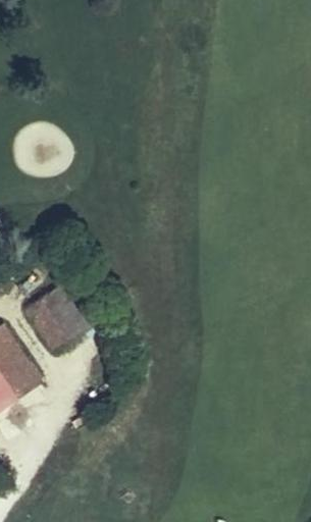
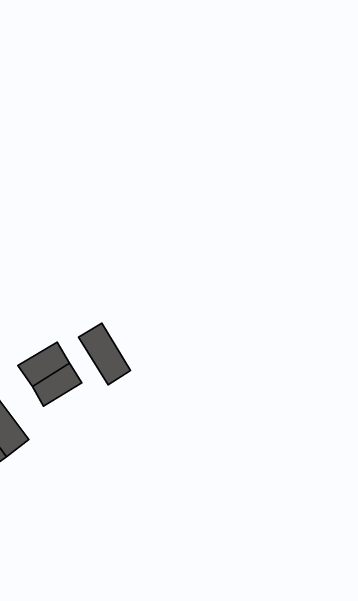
building: none -> [78,323,131,385]

